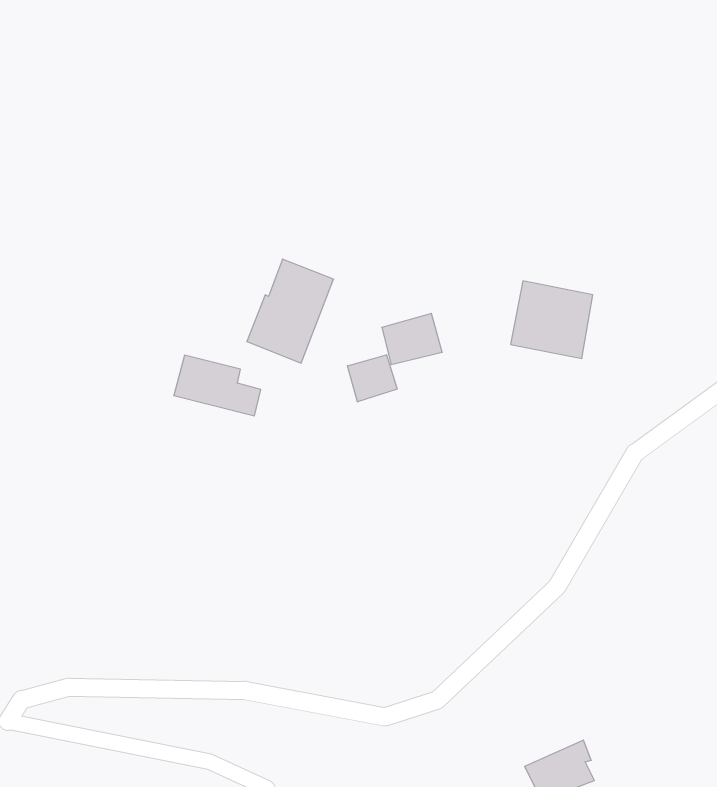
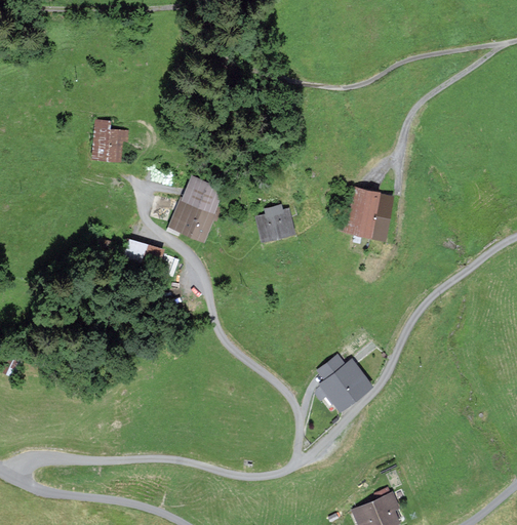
building: none -> [91,120,127,162]
building: [347,355,397,402] -> none
building: none -> [319,358,369,406]

